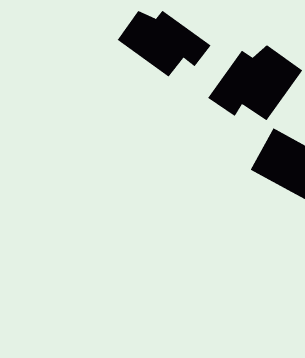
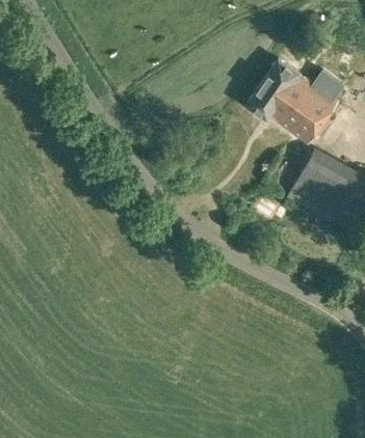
building: [117,10,212,78] -> none

